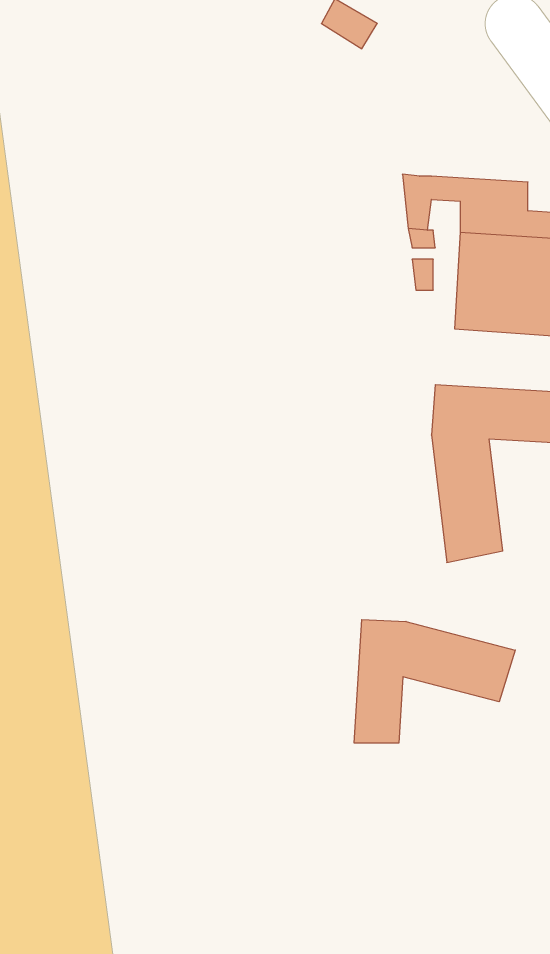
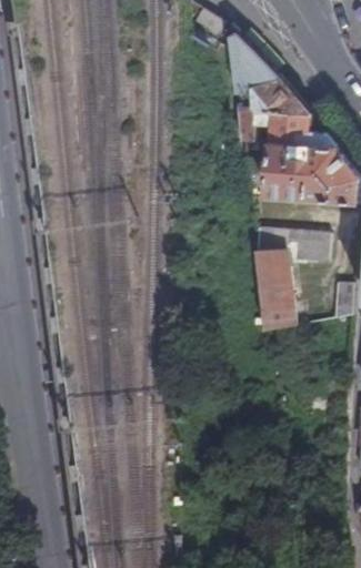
building: none -> [230,24,314,112]
building: [354,620,515,743] -> none

